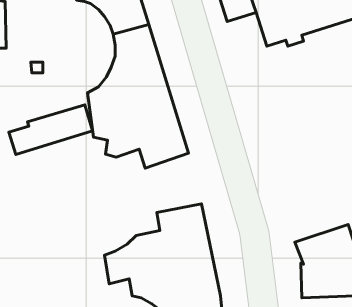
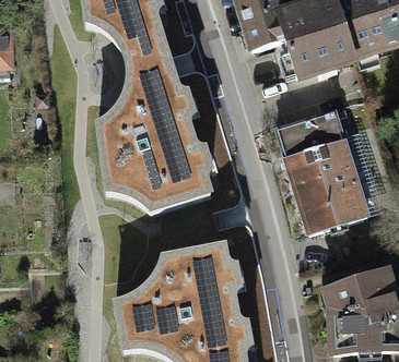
building: none -> [275,109,368,232]
building: [9,105,93,154] -> none

